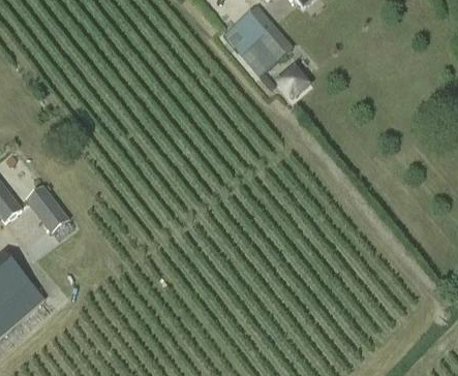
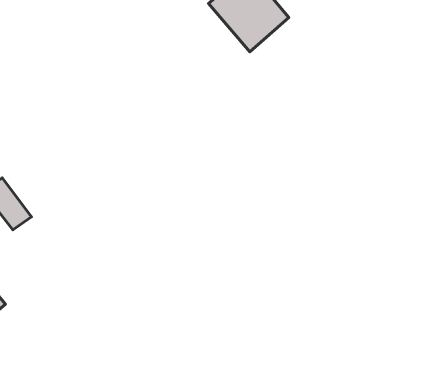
building: [276,65,311,100] -> none

